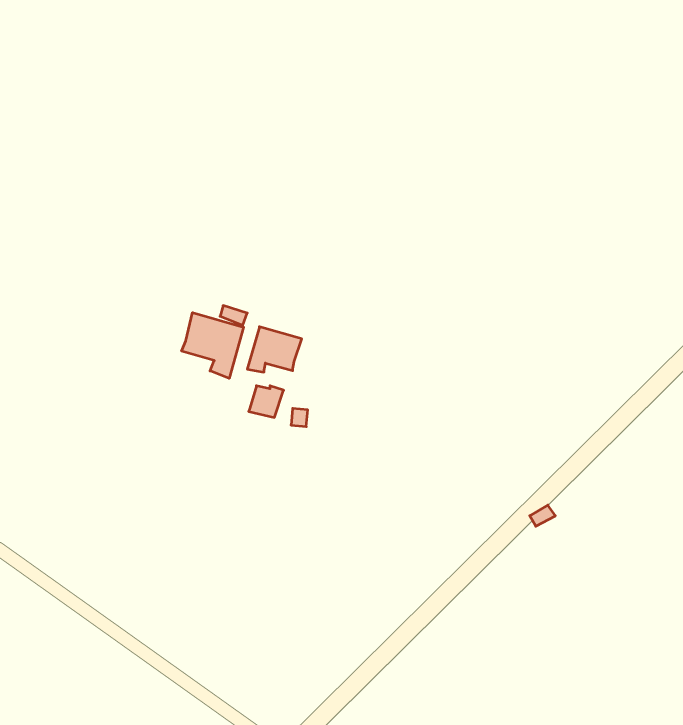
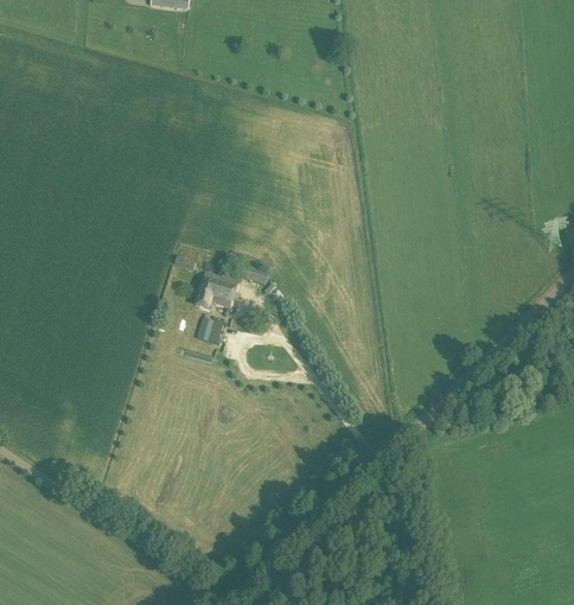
building: [182,313,244,378] -> none

